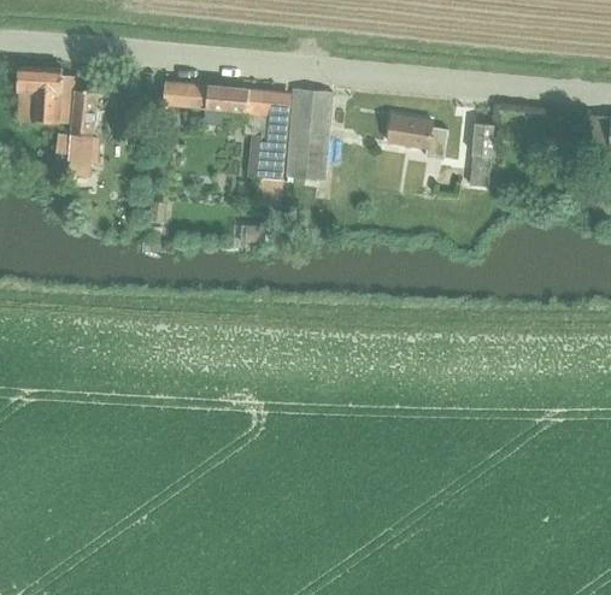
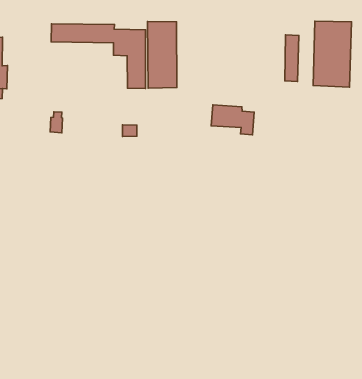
building: none -> [313,21,351,87]
building: [386,114,445,159] -> [211,105,254,135]

